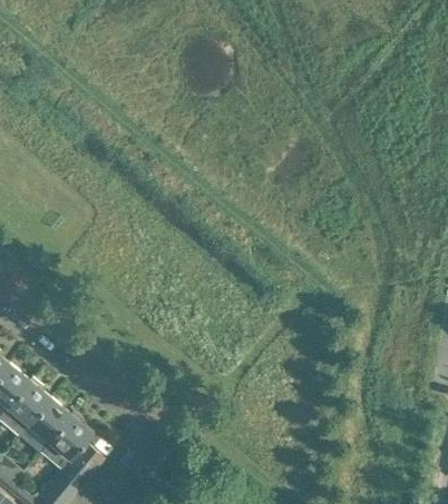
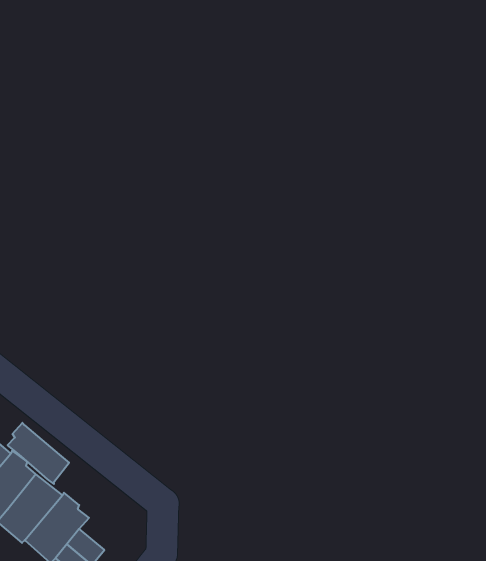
building: none -> [8,423,69,484]

